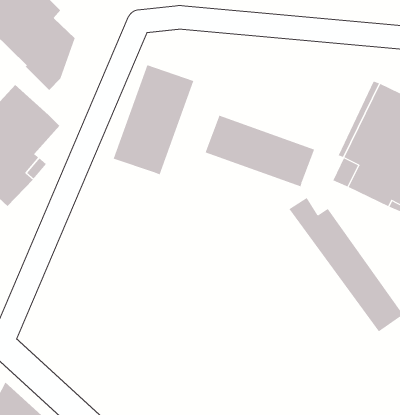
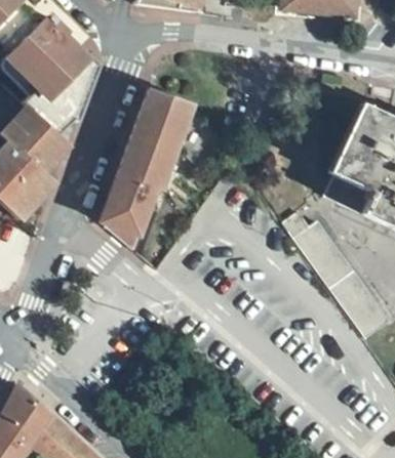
building: none -> [24,38,98,135]
building: [205,115,315,187] -> none
building: none -> [101,176,157,239]

